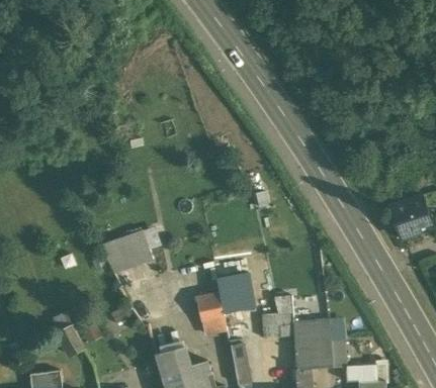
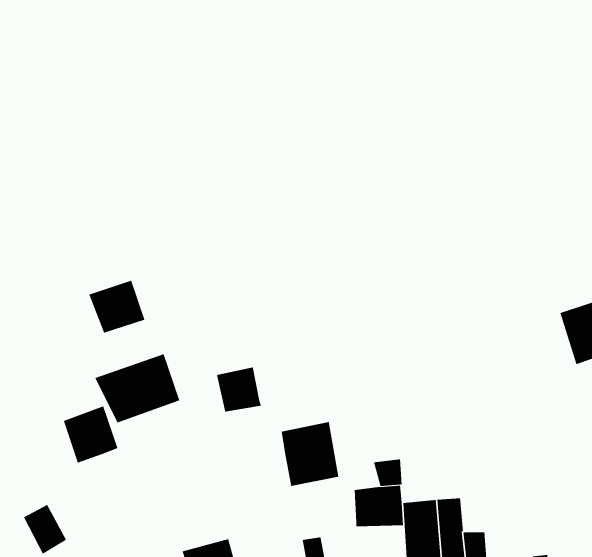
building: none -> [89,280,145,333]
building: none -> [63,406,118,463]
building: [196,292,225,320] -> [216,367,262,412]

